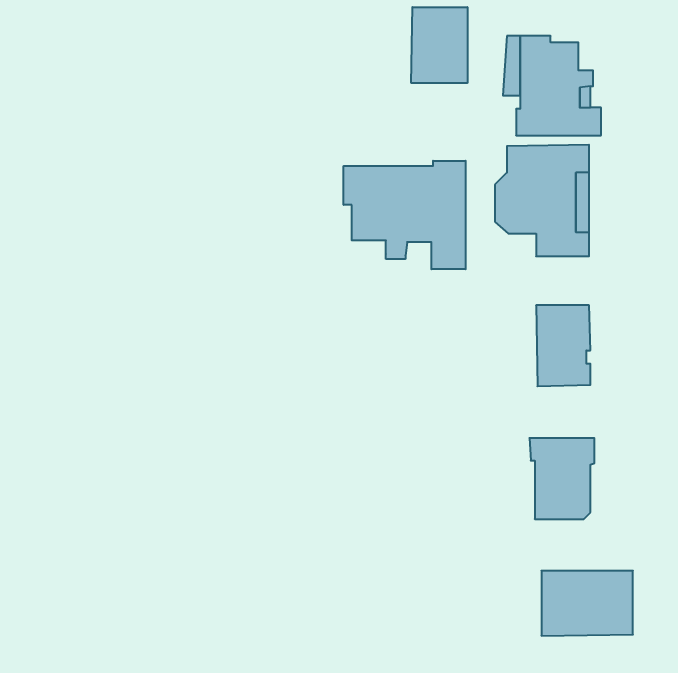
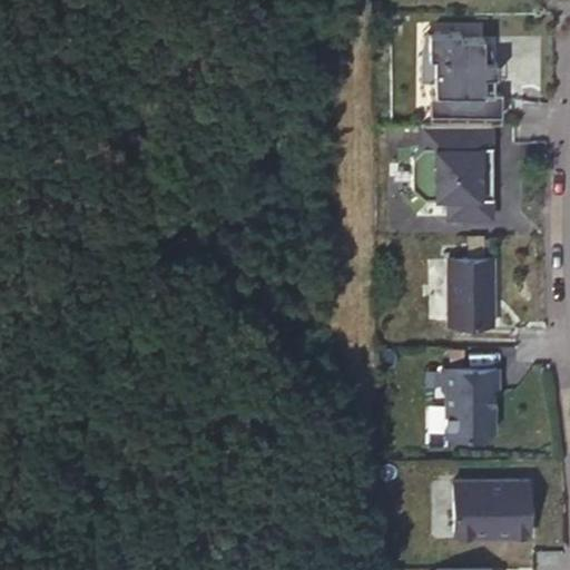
building: [411,7,467,83] -> none
building: [344,161,466,269] -> none

